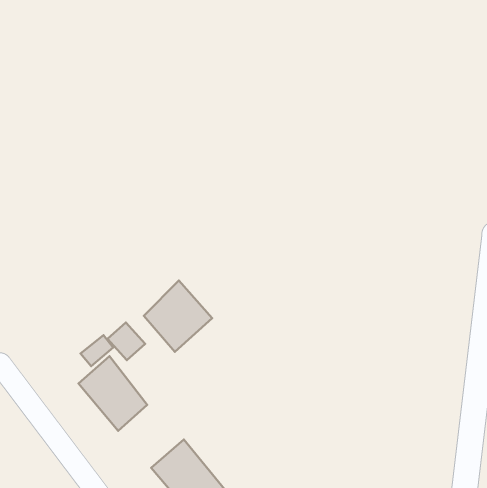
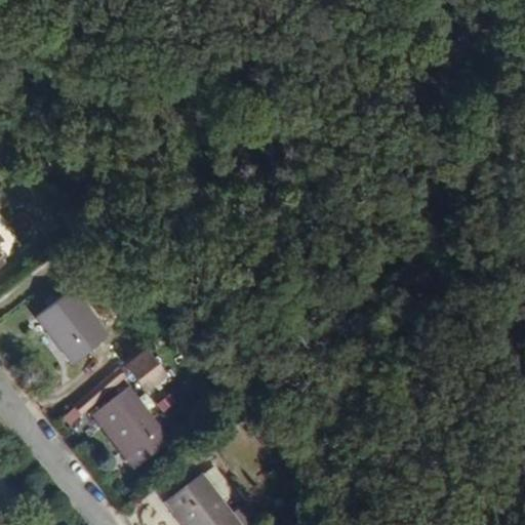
building: none -> [38,290,108,366]
building: [144,281,212,352] -> none

